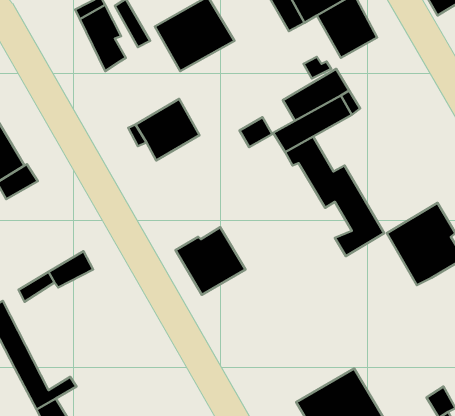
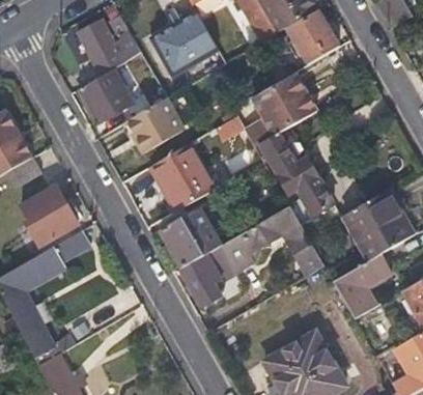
building: none -> [80,67,134,121]
building: none -> [159,157,216,211]
building: none -> [21,186,78,246]
building: none -> [181,205,325,305]
building: none -> [333,253,391,318]

